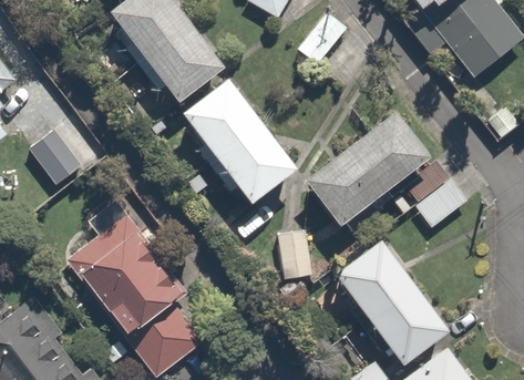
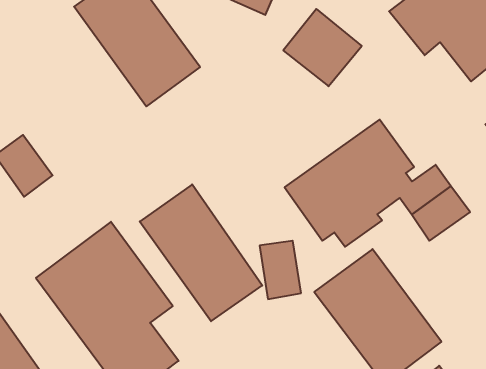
building: [179,75,294,203] -> [140,184,262,321]

